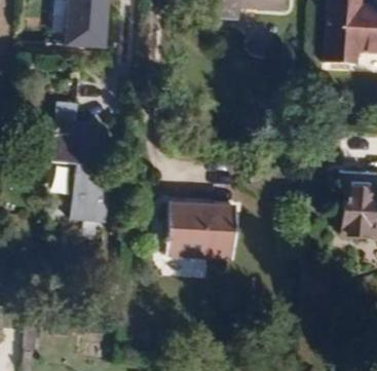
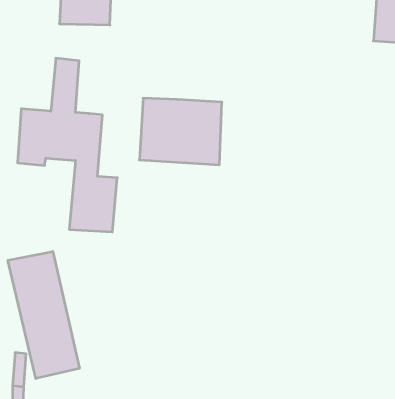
building: [166,203,235,259] -> [139,98,222,165]
building: none -> [8,251,79,379]

